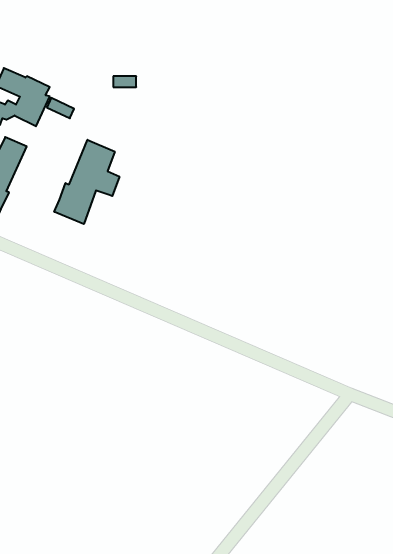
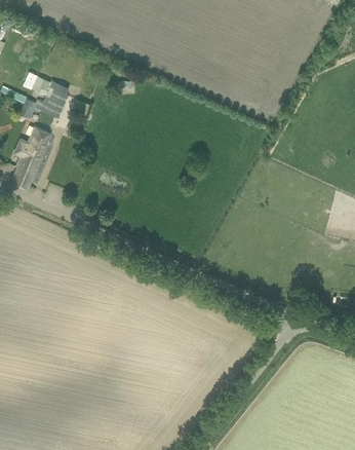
building: [54,140,119,224] -> none

